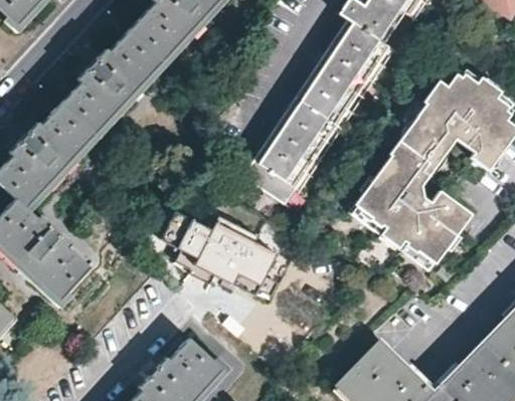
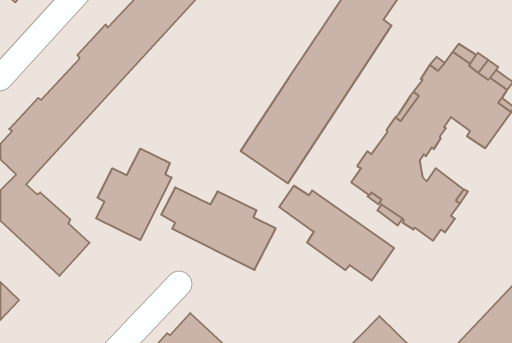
building: none -> [96,149,172,240]
building: none -> [279,186,394,281]

